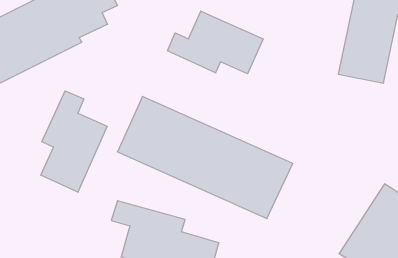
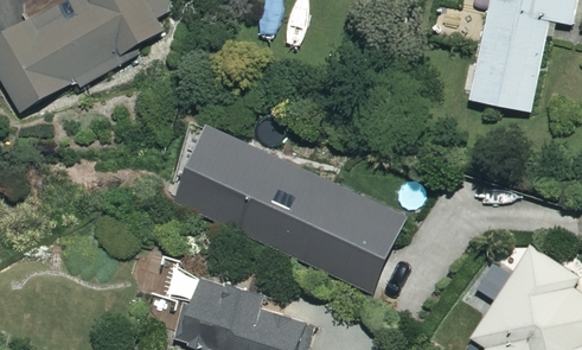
building: [168,11,263,74] -> none
building: [41,91,107,192] -> none

